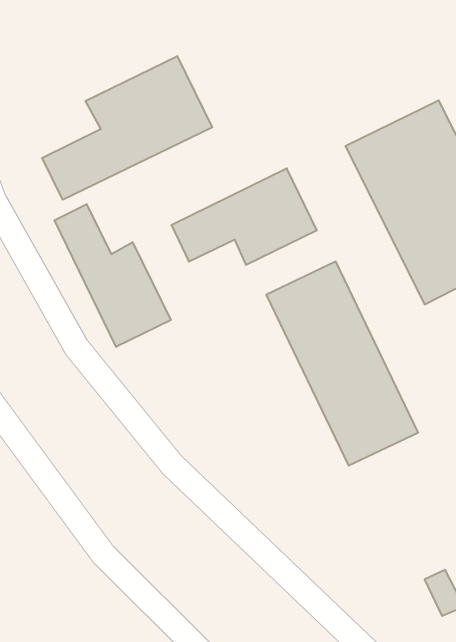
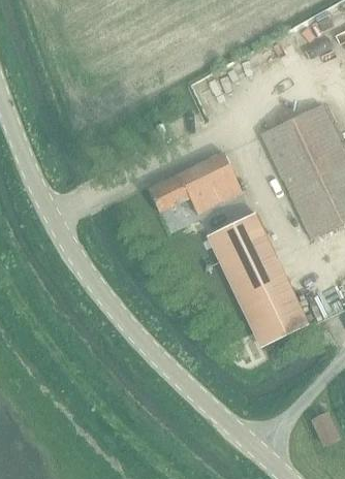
building: [42,56,212,200] -> none
building: [55,204,171,347] -> none

